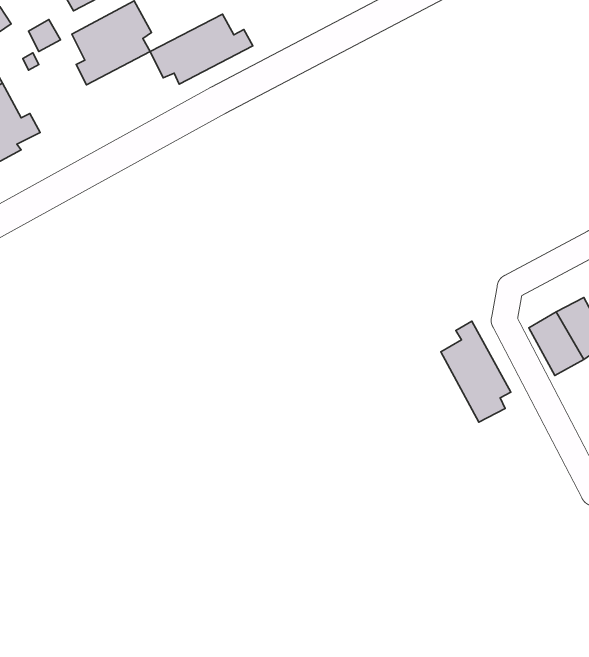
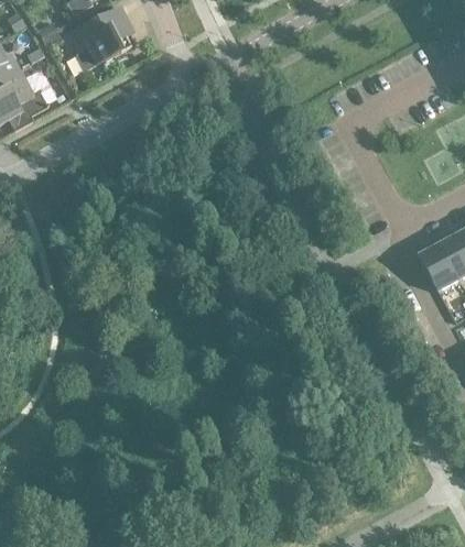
building: [150,14,253,84] -> none
building: [441,321,511,422] -> none

